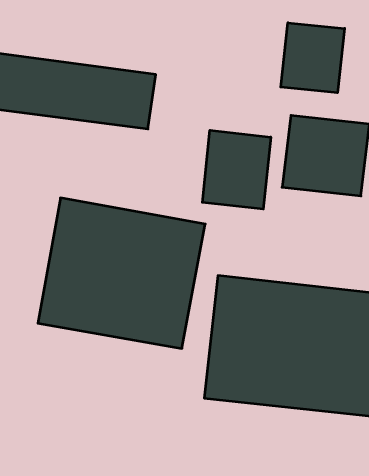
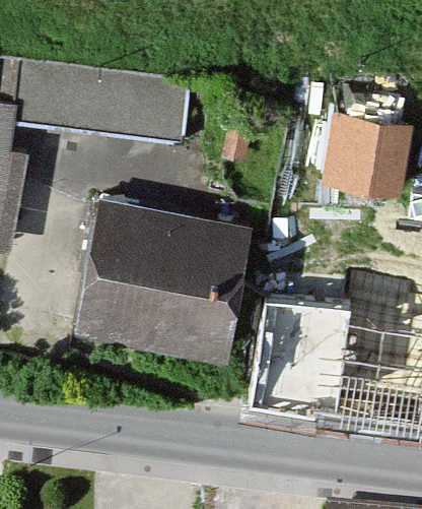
building: [281,23,345,93] -> none
building: [202,130,271,209] -> none

